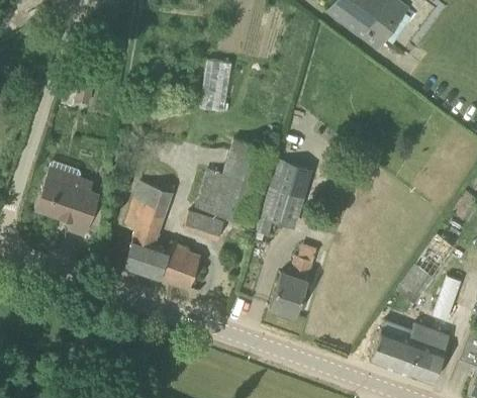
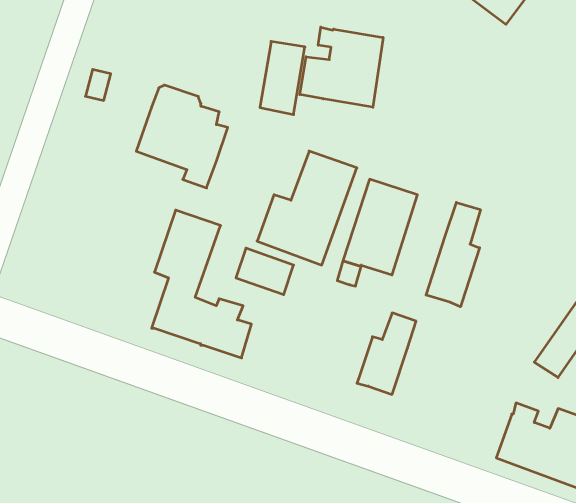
building: none -> [300,27,383,107]
building: [34,161,100,234] -> [136,85,228,188]
building: none -> [426,202,480,307]

